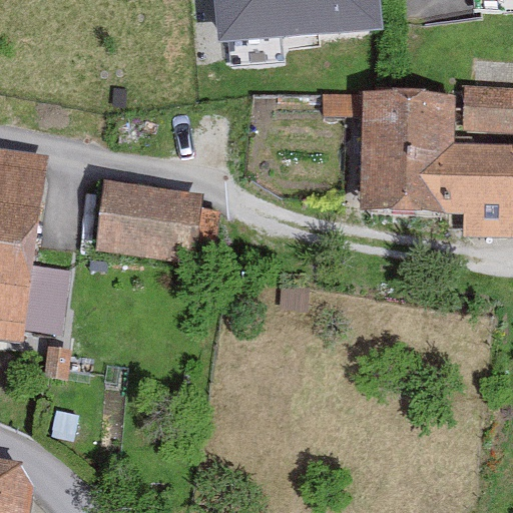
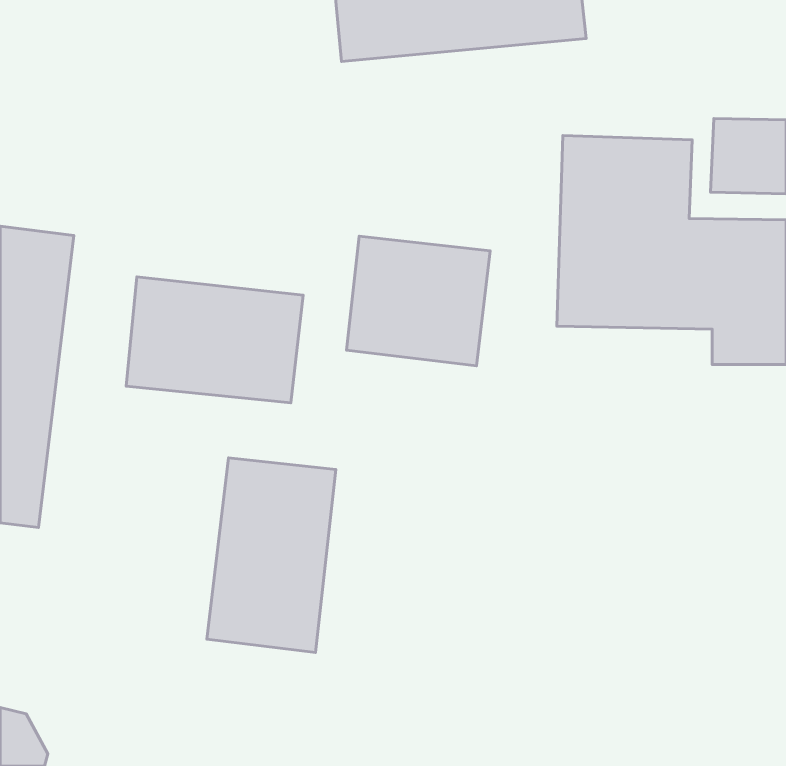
building: none -> [347,236,490,366]
building: none -> [207,458,336,653]

